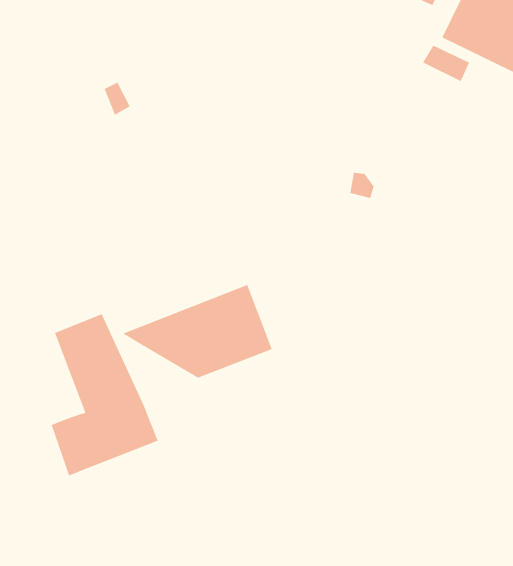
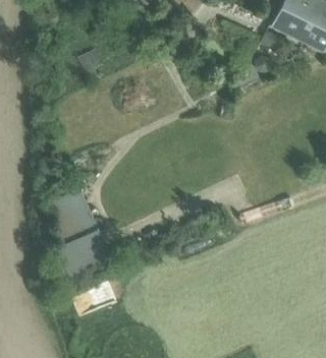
building: [122,284,273,378] -> none

